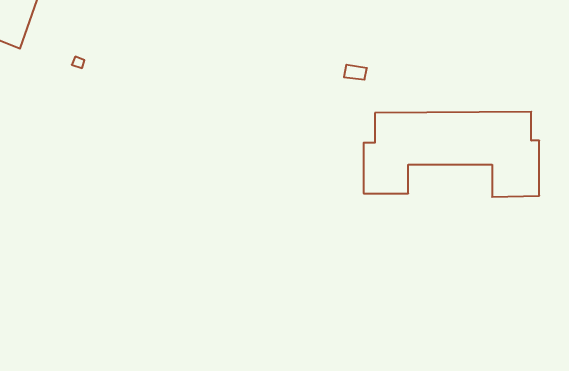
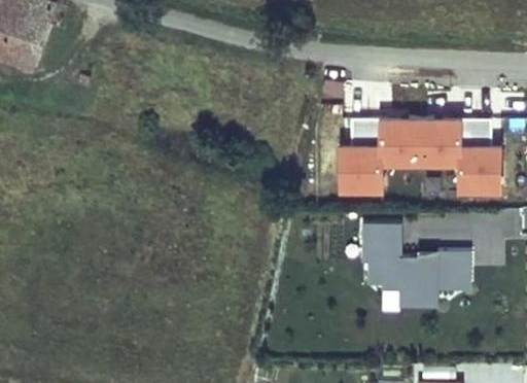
building: none -> [363,221,470,294]

